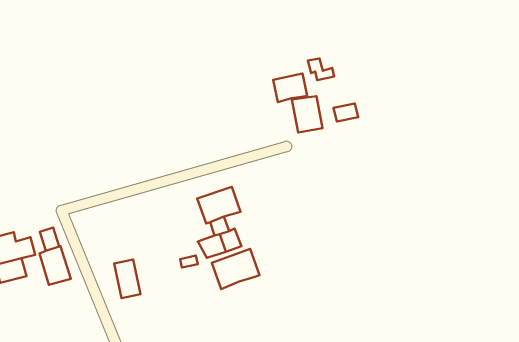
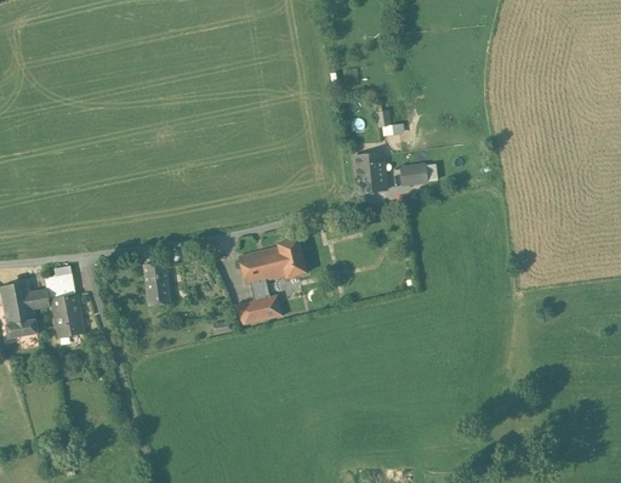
building: [273,74,307,102] -> none
building: none -> [277,239,306,280]
building: [212,249,259,289] -> none
building: [114,259,141,298] -> [142,265,169,307]

